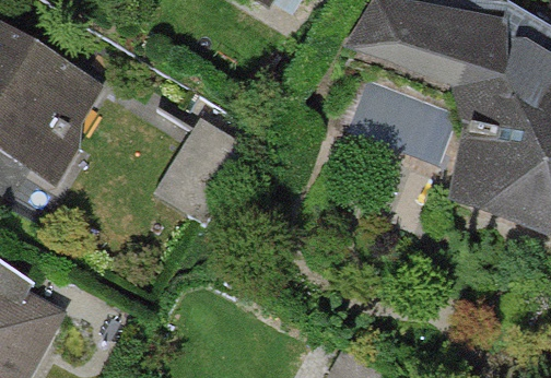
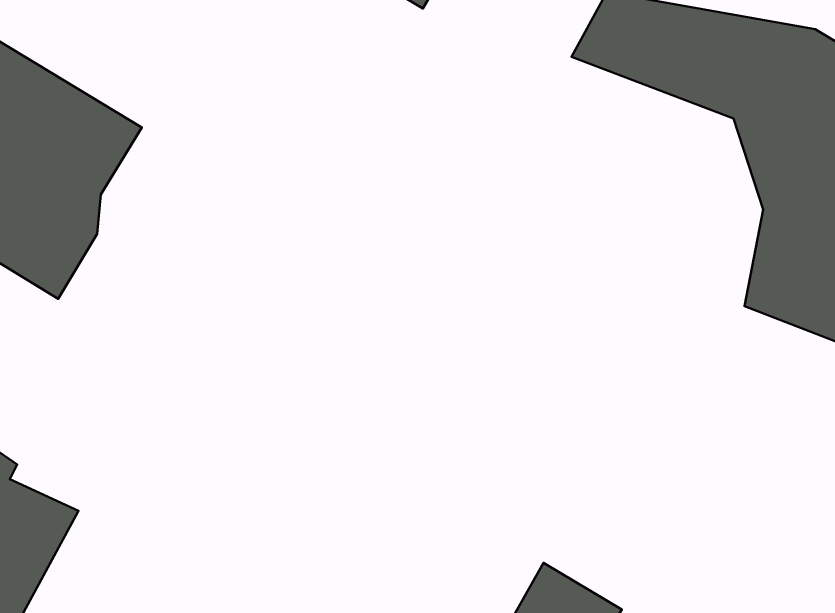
building: [153,120,249,226] -> none

